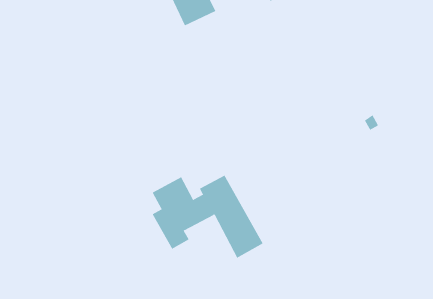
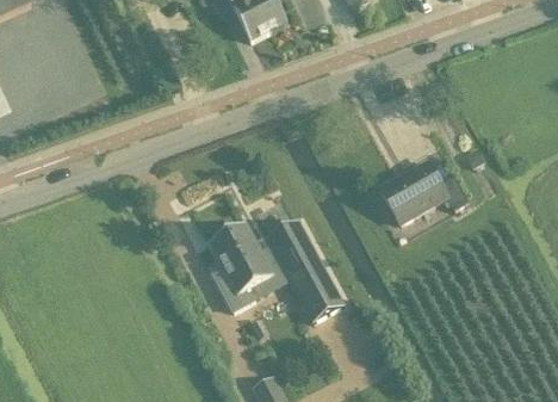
building: none -> [380,160,469,221]

